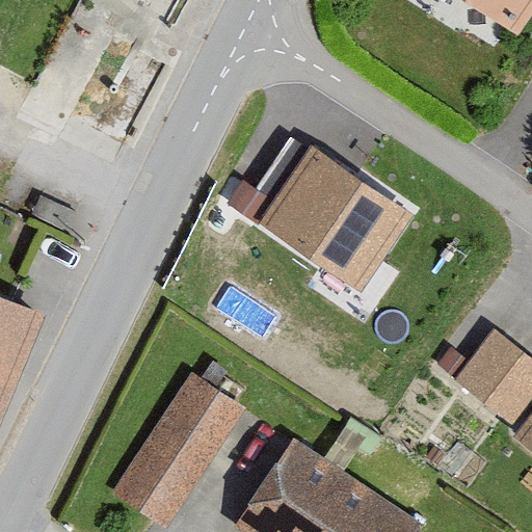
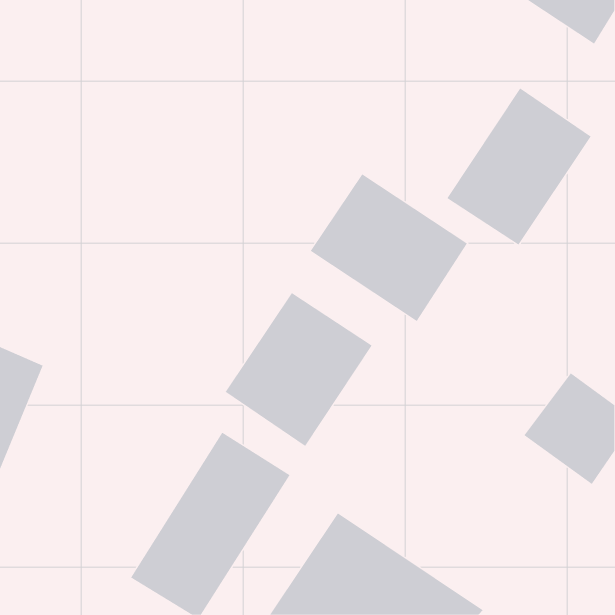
building: none -> [447,88,591,245]
building: none -> [225,292,373,447]

